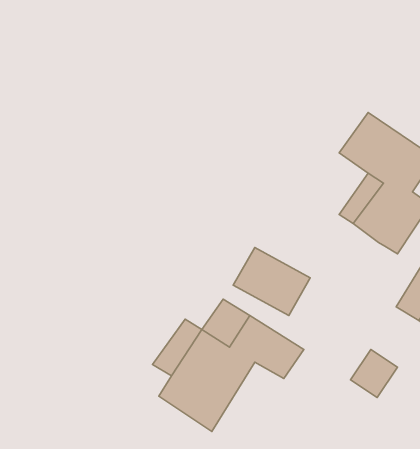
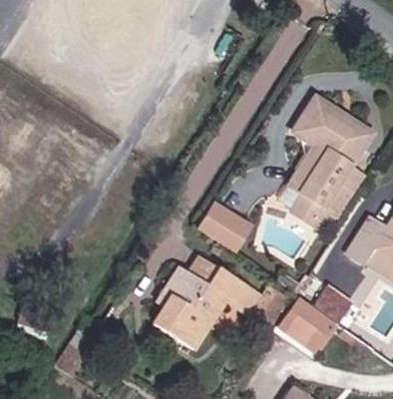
building: none -> [292,188,332,230]
building: none -> [280,307,332,356]

